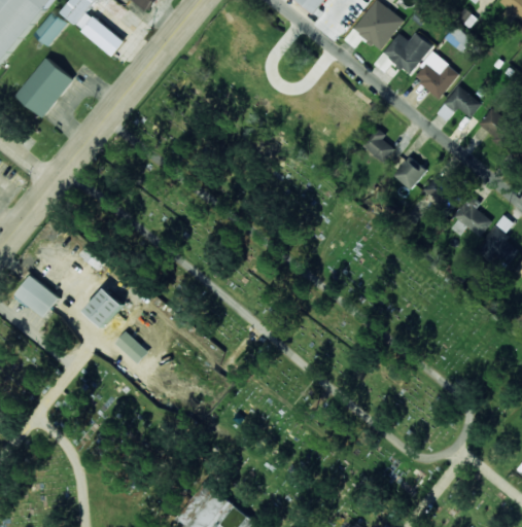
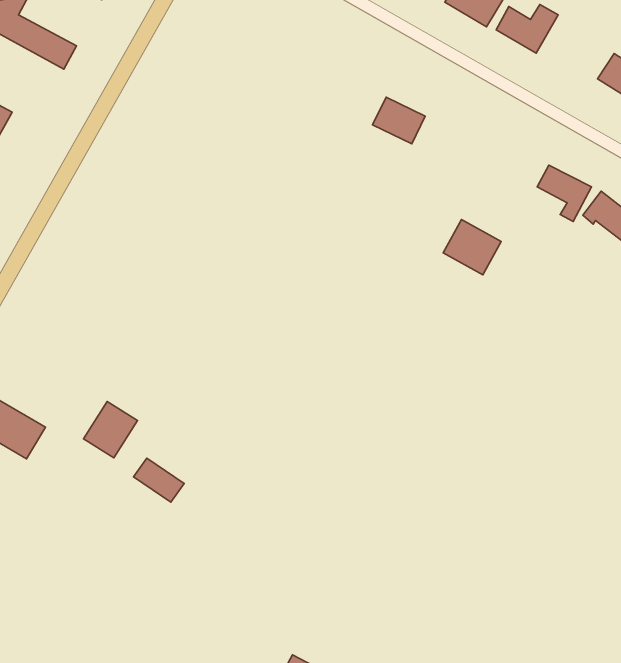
building: [445,85,481,120] -> none
building: [359,128,396,163] -> [373,97,425,144]
building: [386,152,427,192] -> [443,220,501,275]

